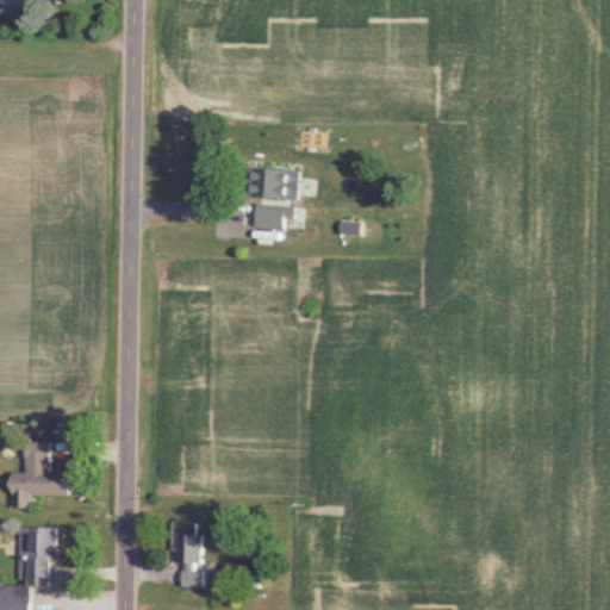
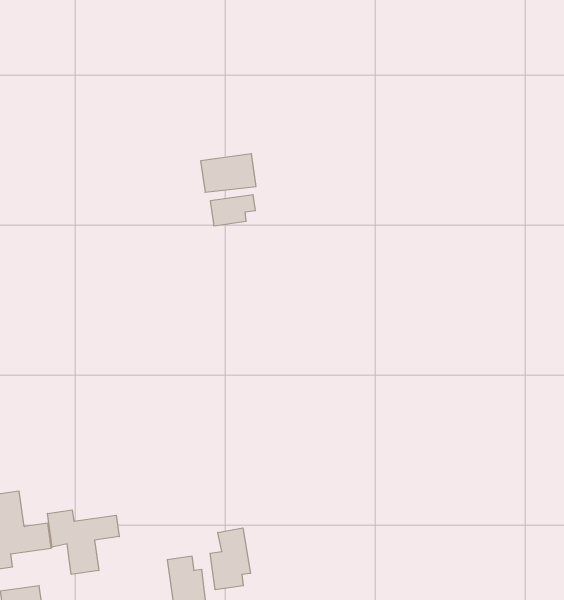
building: none -> [47,510,119,574]
building: none -> [210,528,251,590]

